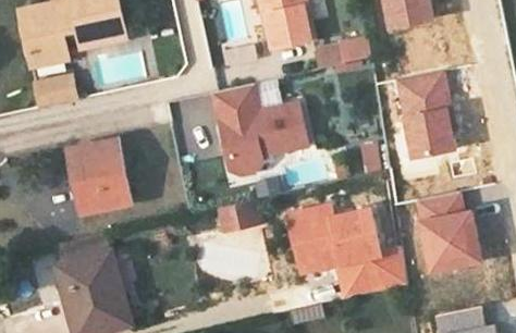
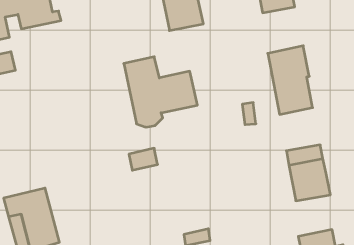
building: [316,36,367,67] -> none
building: [71,139,130,211] -> none
building: [293,209,403,295] -> none

